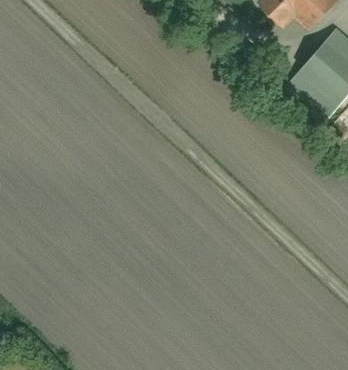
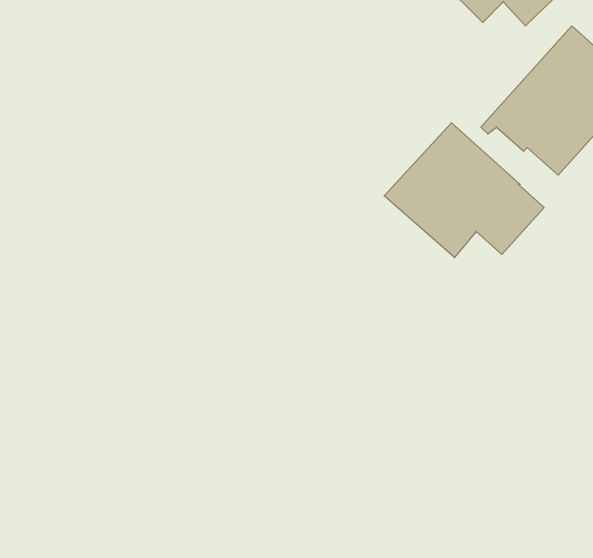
building: none -> [384,123,544,258]

